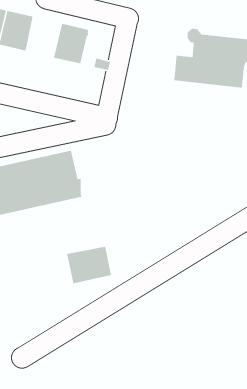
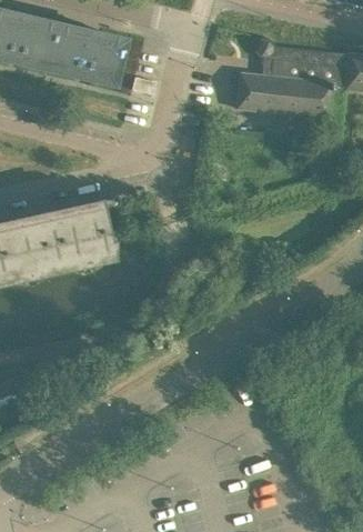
building: none -> [43,22,90,78]
building: [66,246,112,284] -> none

